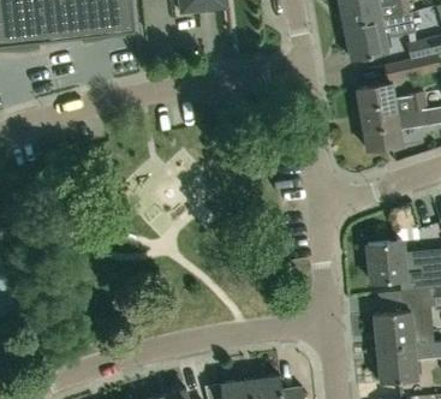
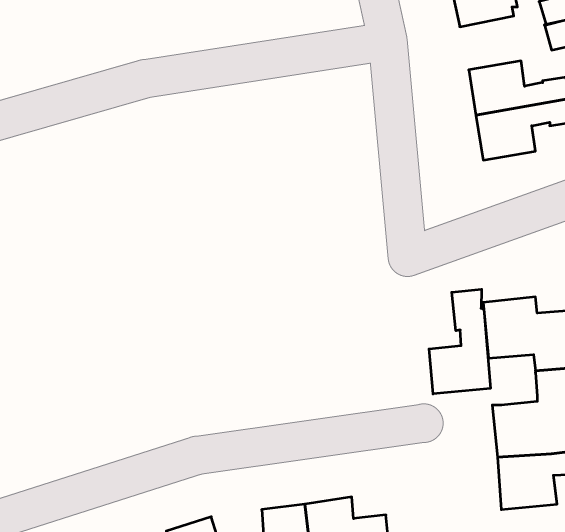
building: none -> [429,289,490,394]

